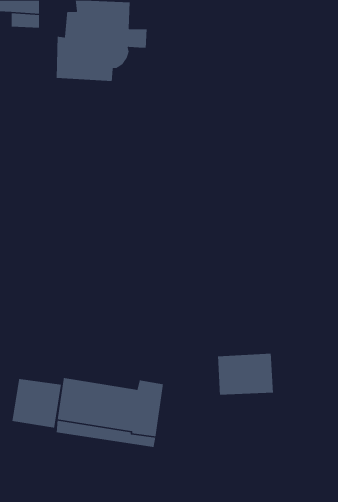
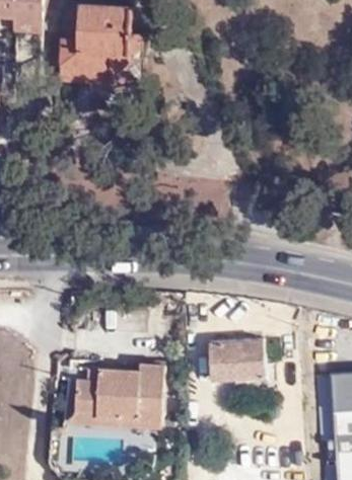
building: [12,378,62,429] -> none

